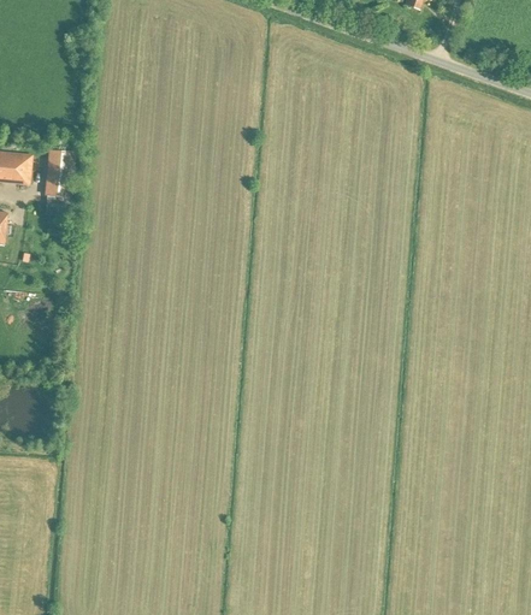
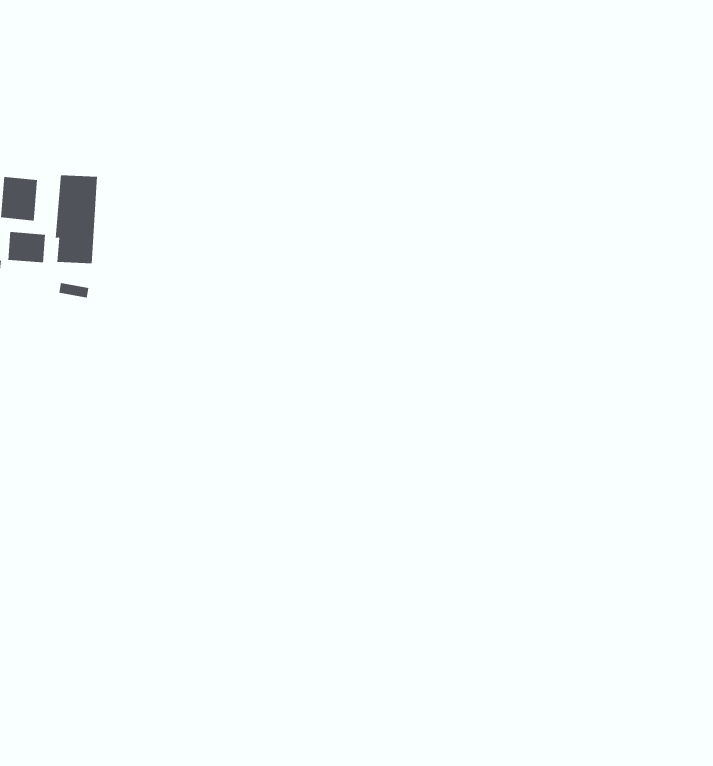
building: none -> [8,231,46,263]

